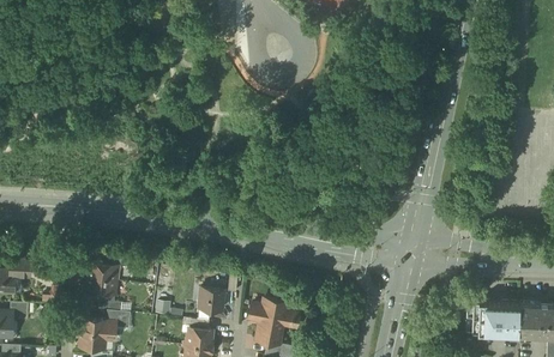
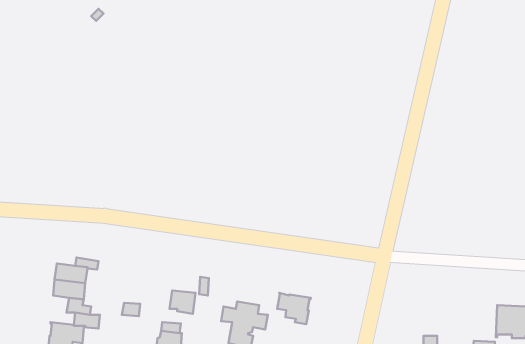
building: none -> [277,293,311,324]
building: [465,303,519,335] -> none

